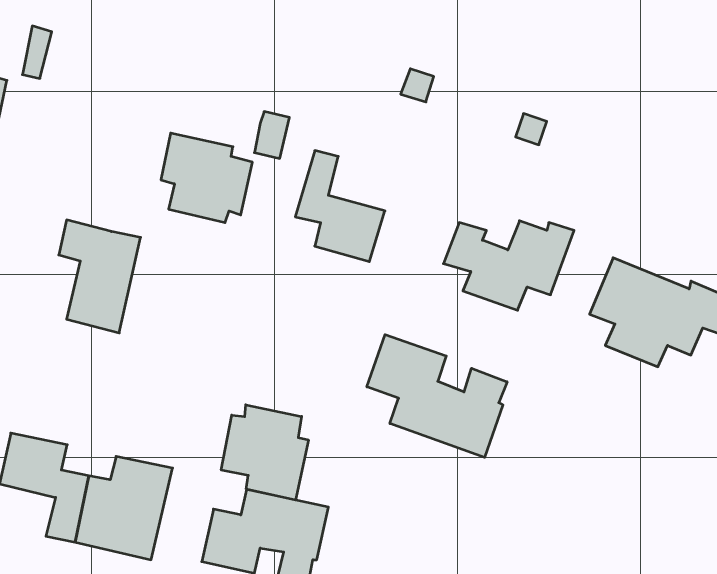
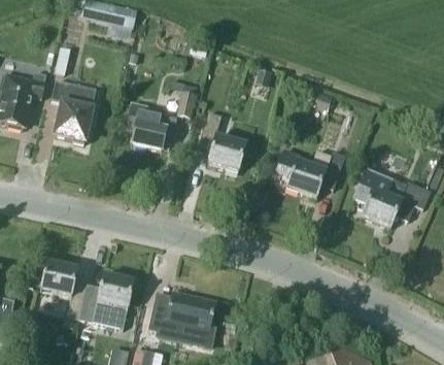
building: [59,220,141,333] -> [52,81,95,141]
building: [367,335,507,457] -> none
building: [221,405,308,500] -> none

